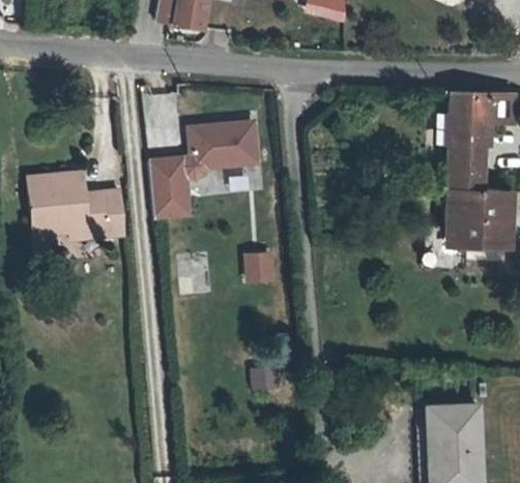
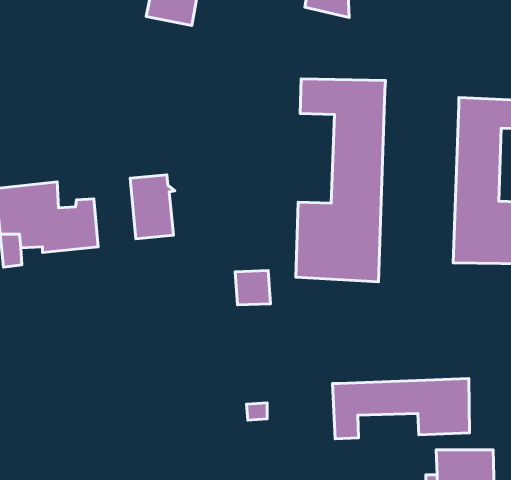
building: none -> [296,79,385,282]
building: [184,123,259,177] -> none
building: none -> [332,379,470,439]

